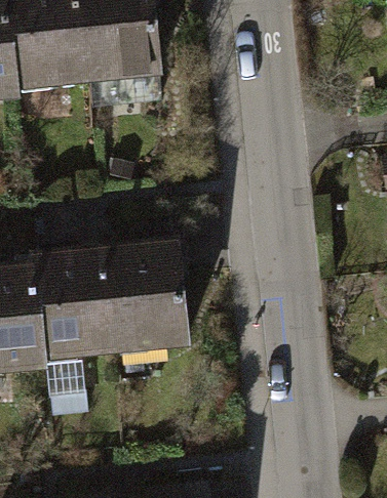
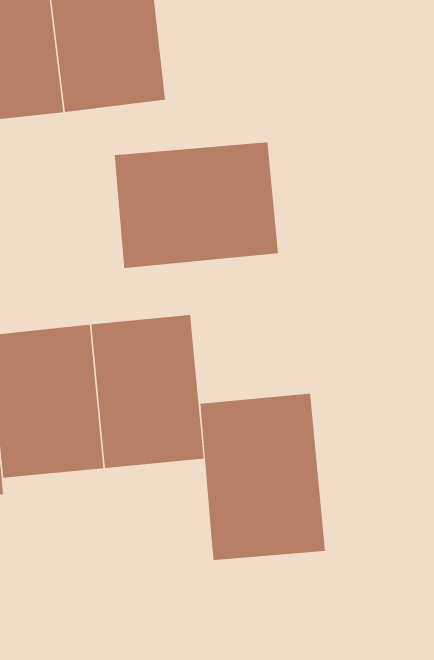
building: none -> [114,141,279,269]
building: none -> [200,393,325,561]

